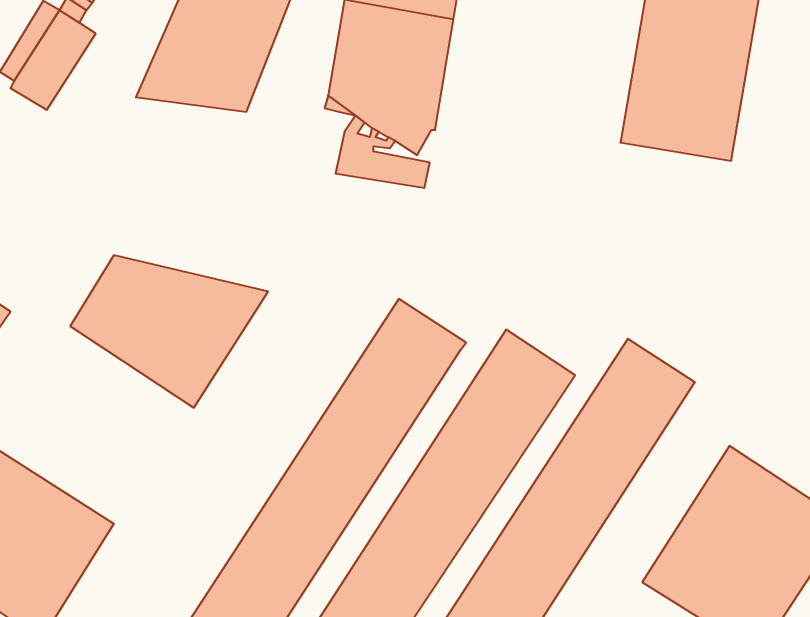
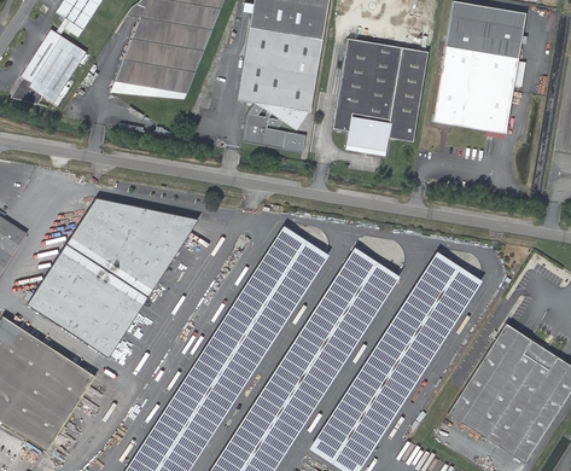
building: none -> [332,37,427,155]
building: none -> [28,243,148,357]

